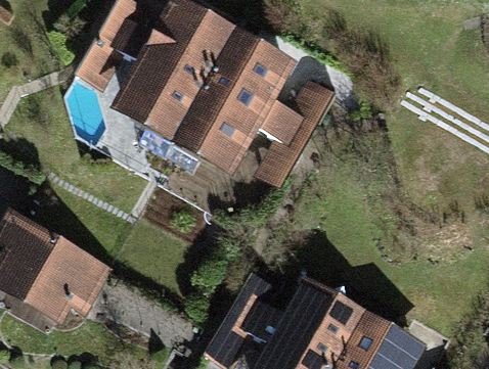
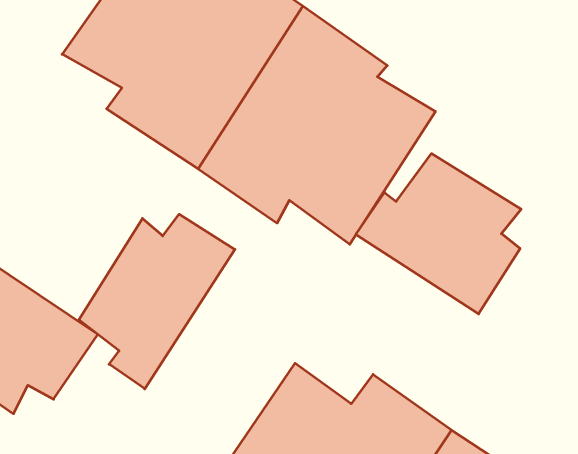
building: none -> [356,154,521,314]
building: none -> [79,214,235,389]

